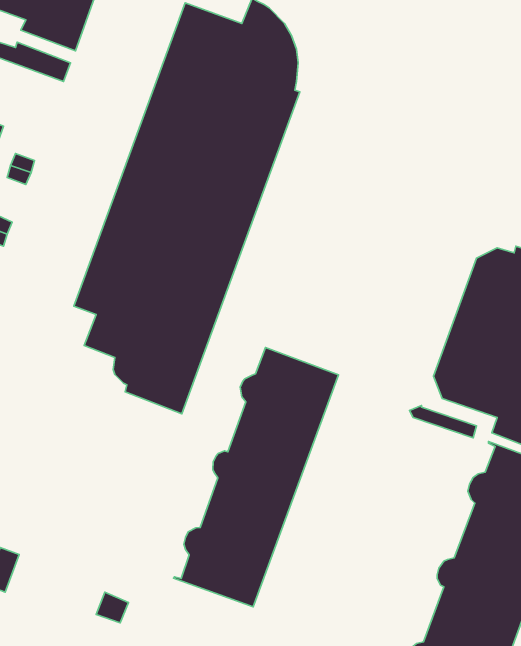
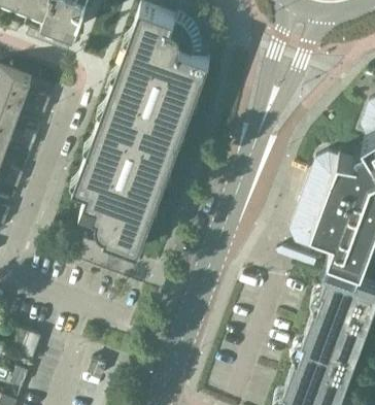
building: [173,348,338,607] -> none

